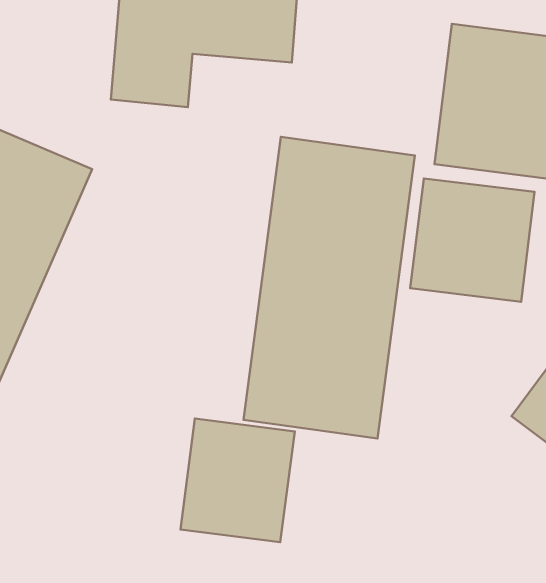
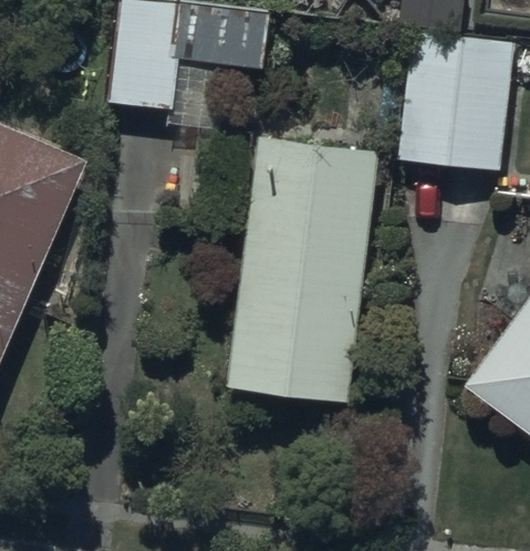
building: [410,179,535,302] -> none
building: [180,419,295,542] -> none

